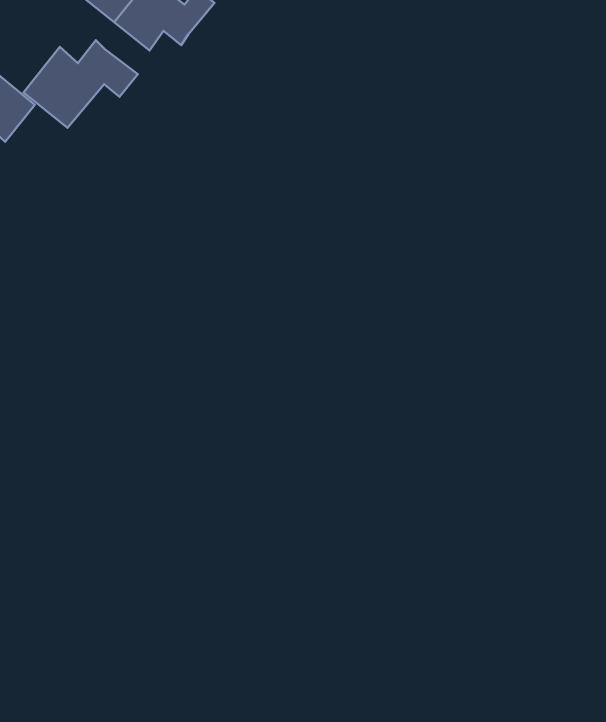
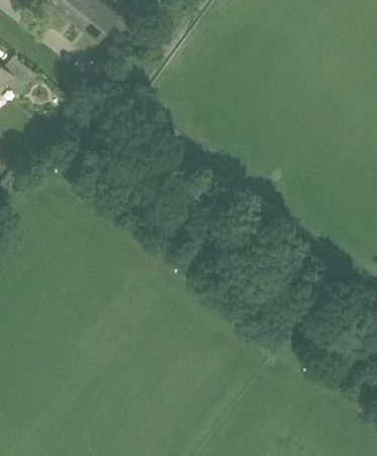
building: [24,40,138,128] -> none

